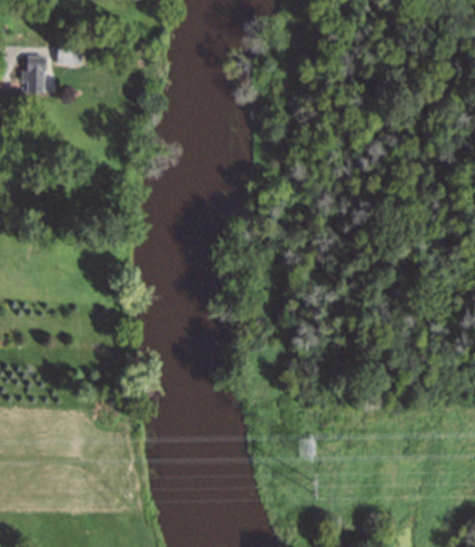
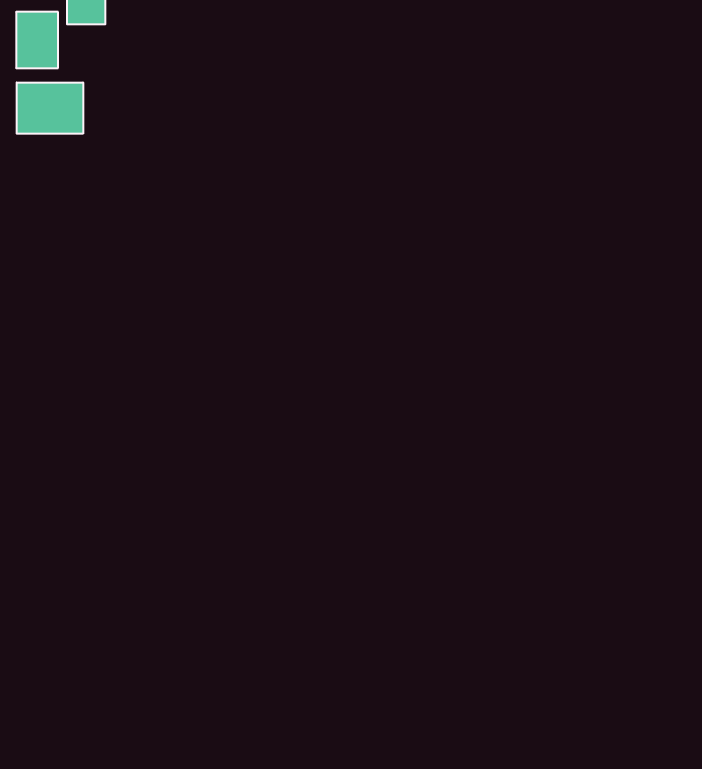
building: none -> [17,82,83,134]

